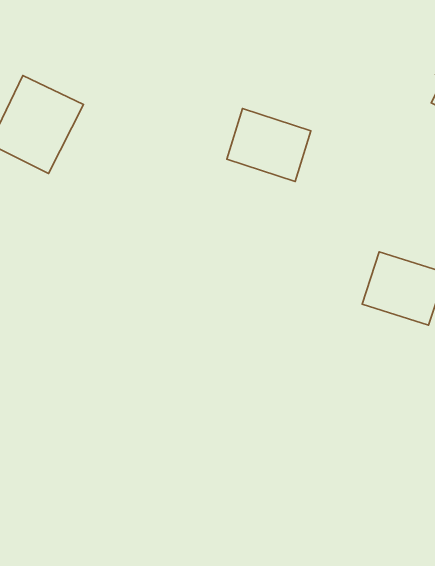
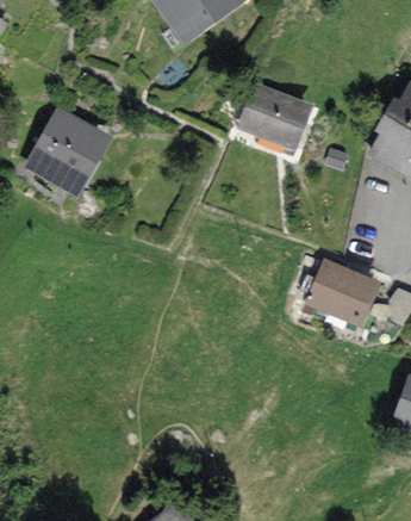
building: [227,108,311,181] -> [242,87,307,145]

